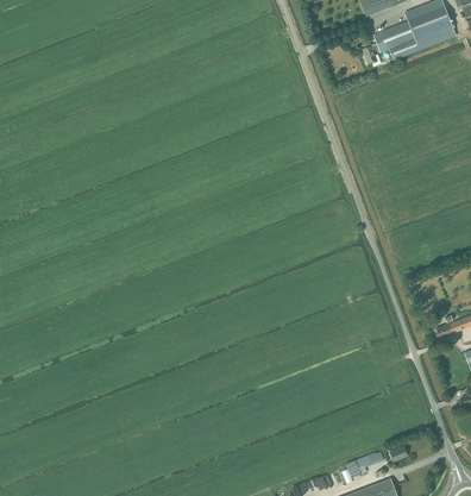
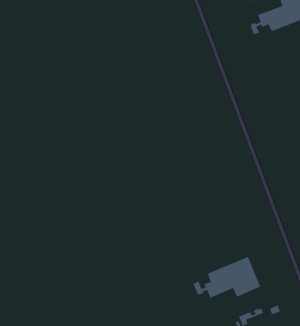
building: none -> [193,256,261,299]

